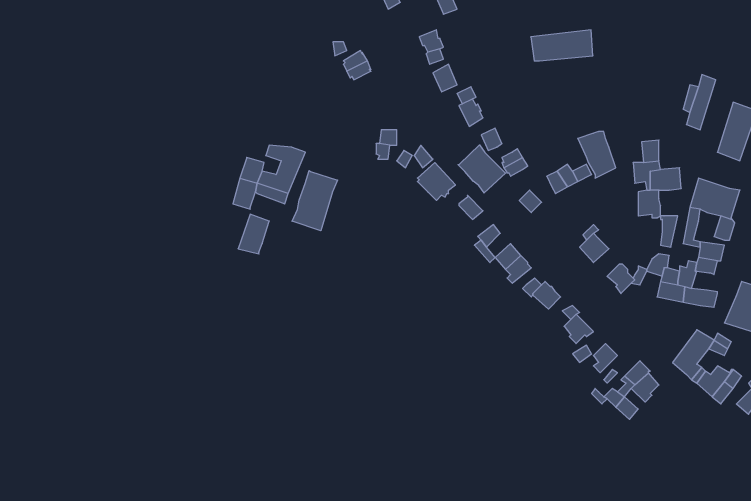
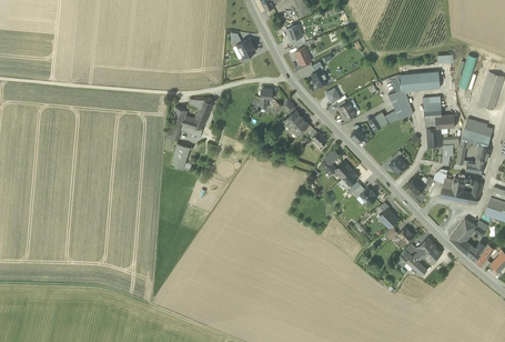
building: [531,30,593,61] -> [400,70,440,90]
building: [458,145,506,193] -> none
building: [292,171,338,231] -> none

